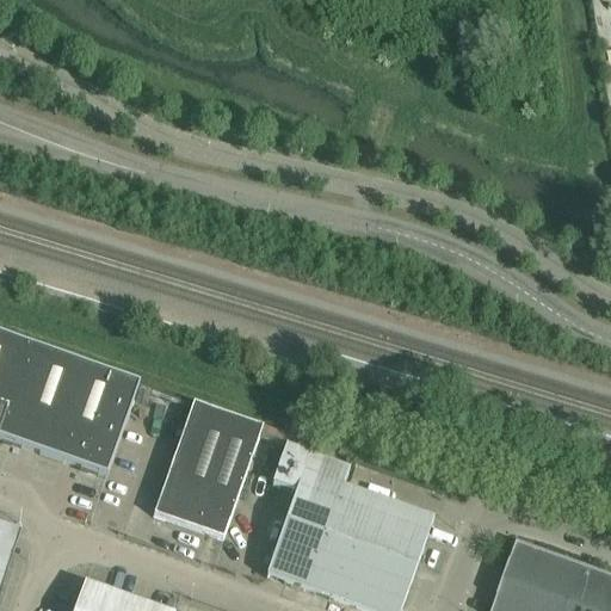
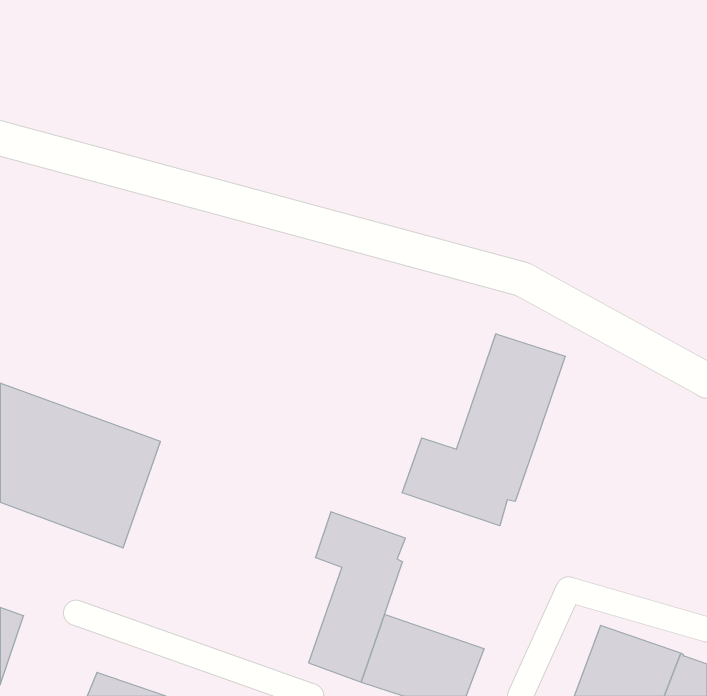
building: none -> [402,334,565,526]
building: [154,400,263,536] -> none
building: [332,485,433,560] -> none

